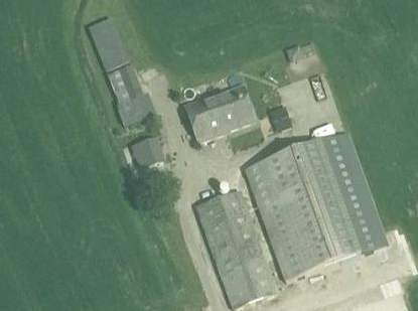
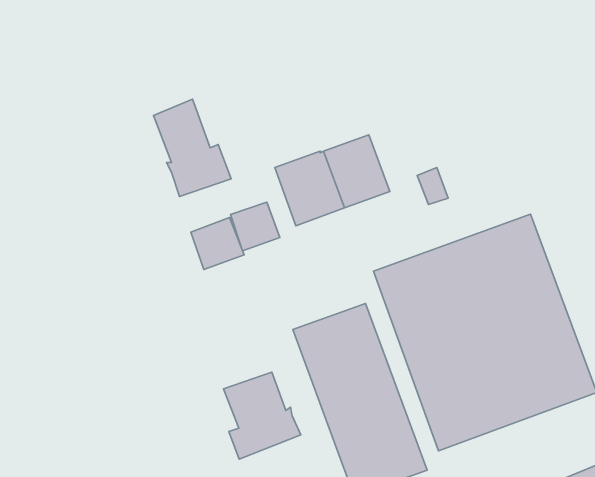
building: [89,16,130,69] -> none
building: none -> [231,202,280,251]
building: none -> [224,372,301,459]

